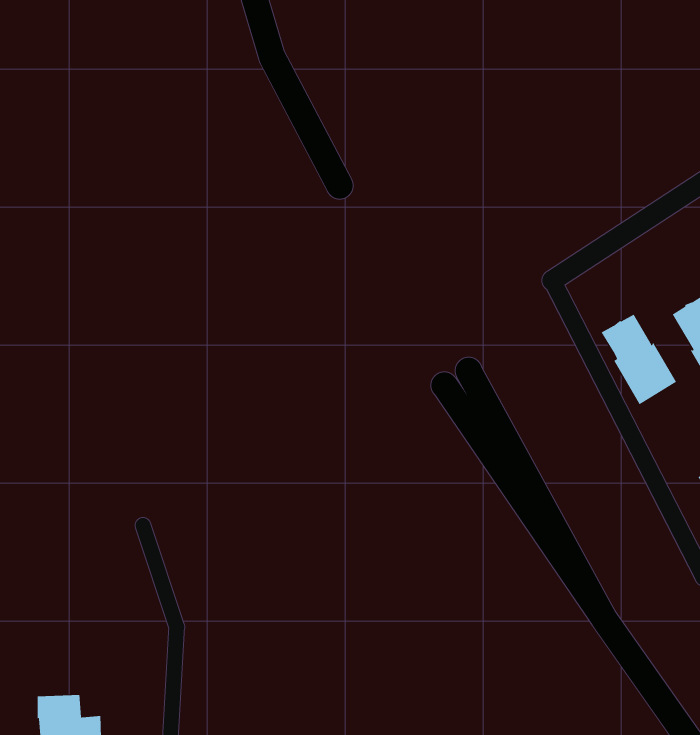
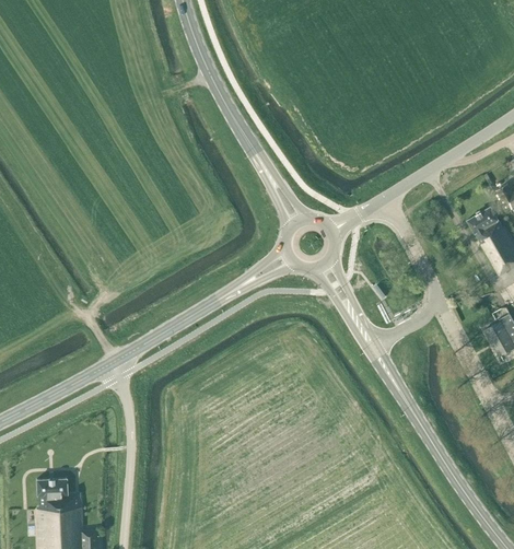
building: [601,314,677,405] -> none

